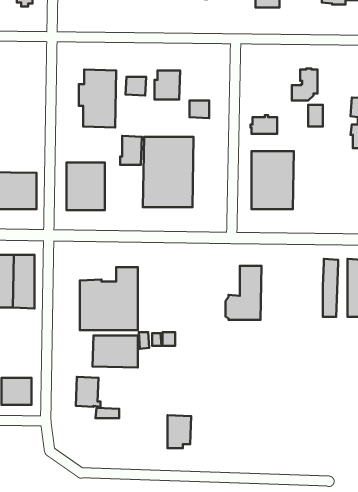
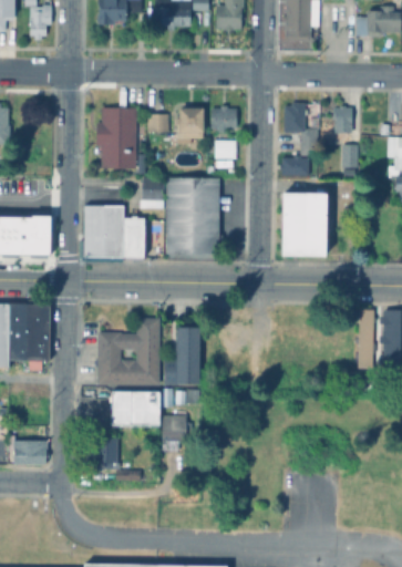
building: none -> [284,102,316,155]
building: none -> [212,105,237,128]
building: none -> [124,218,144,258]
building: [225,266,262,320] -> [162,327,200,384]
building: [167,415,191,448] -> [162,413,187,449]

